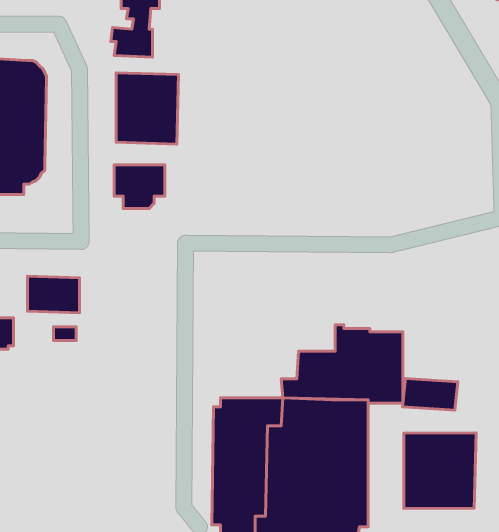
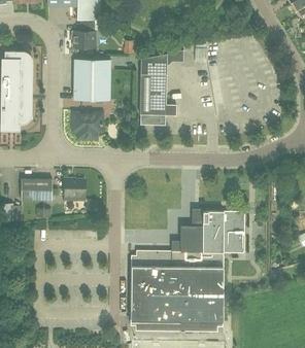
building: none -> [138,50,181,126]
building: none -> [63,179,84,201]
building: [403,379,458,410] -> none
building: [404,433,476,509] -> none

